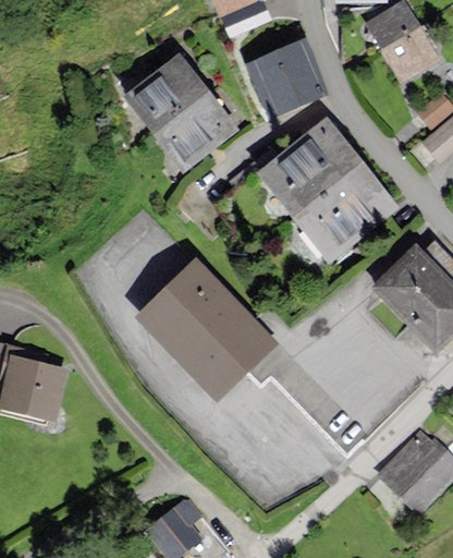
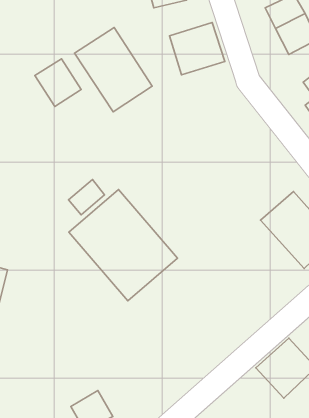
building: none -> [35,59,81,107]
building: [264,119,394,254] -> none
building: none -> [68,179,104,215]

